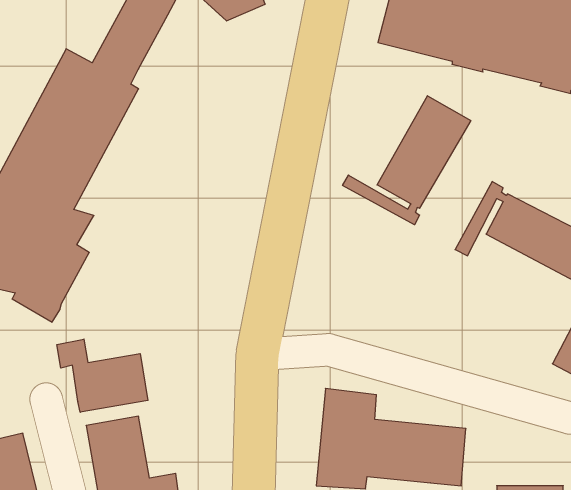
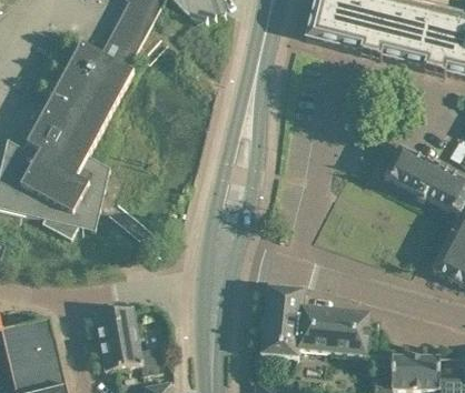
building: [343,96,471,225] -> none
building: [57,339,148,412] -> none

